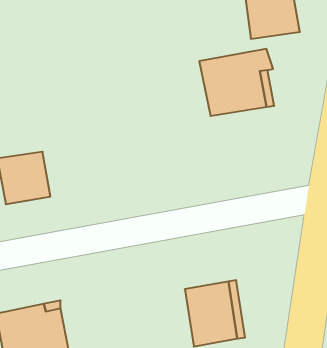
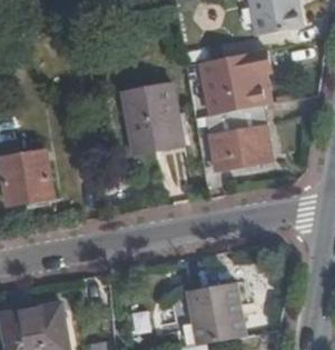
building: none -> [125,82,187,156]
building: none -> [207,112,270,172]

